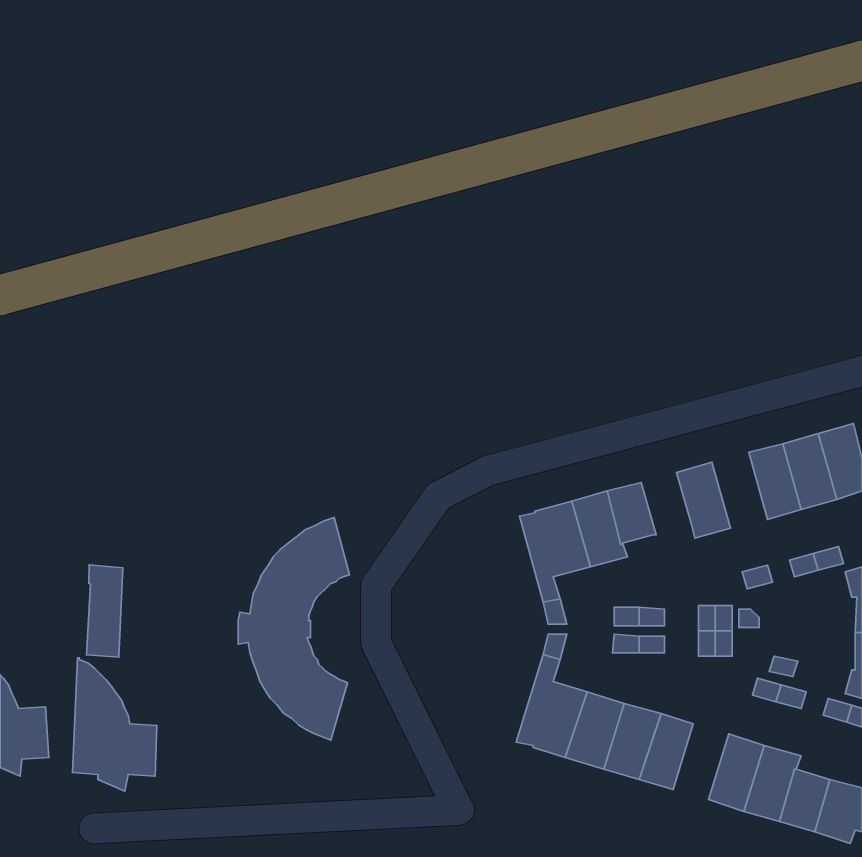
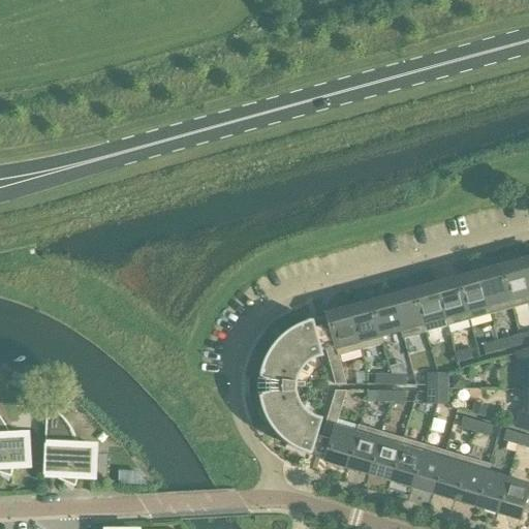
building: none -> [436,277,470,323]
building: none -> [393,289,426,337]
building: [238,518,349,740] -> [253,317,321,454]
building: [86,565,123,657] -> none
building: none -> [412,443,446,490]

